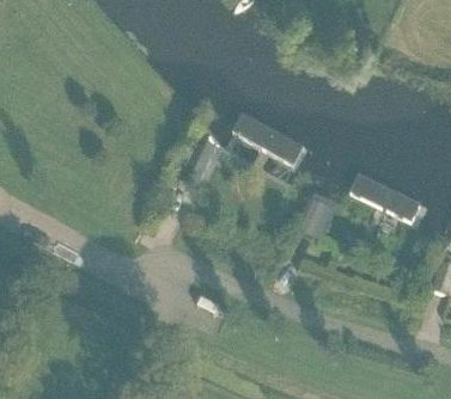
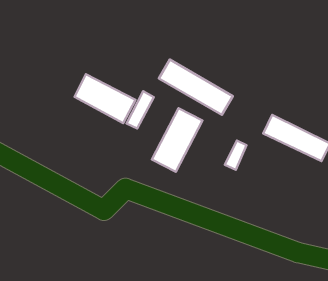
building: none -> [74,74,136,123]
building: none -> [152,108,202,172]

